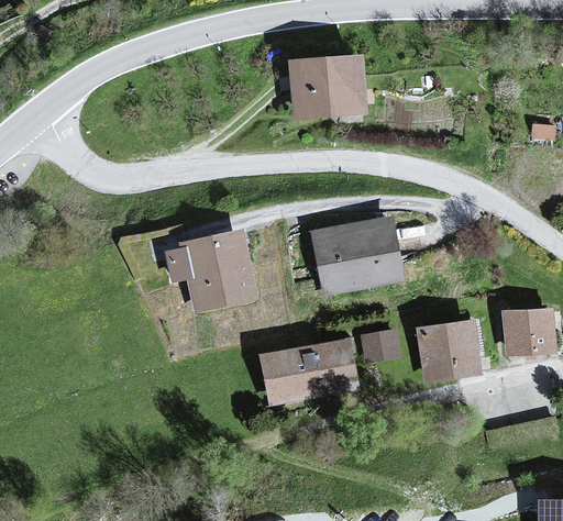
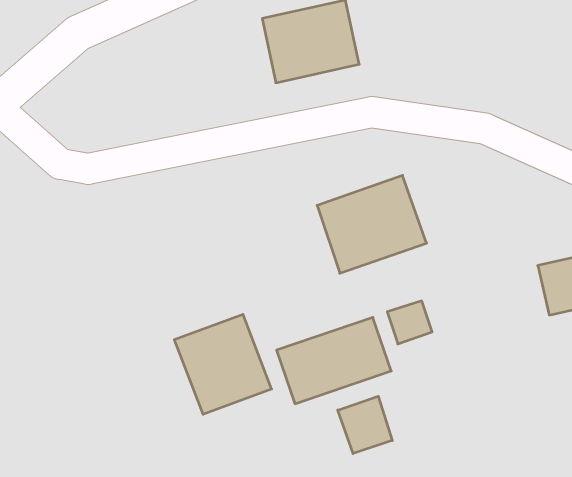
building: [179,229,260,312] -> [174,314,272,414]
building: [415,318,482,381] -> none
building: none -> [338,396,392,454]

